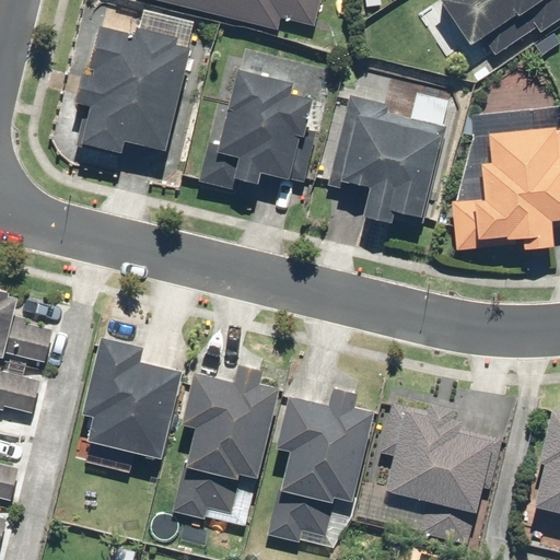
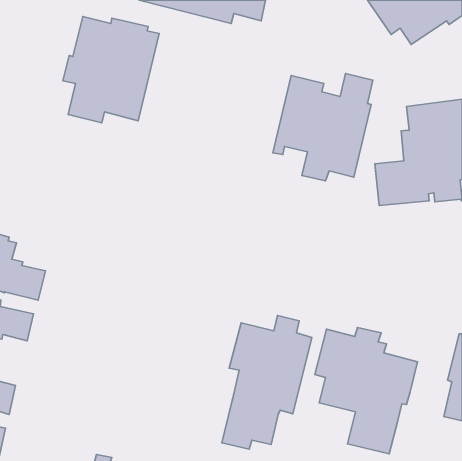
building: [198,67,316,191] -> none
building: [82,335,184,477] -> none
building: [172,361,281,522] -> none

